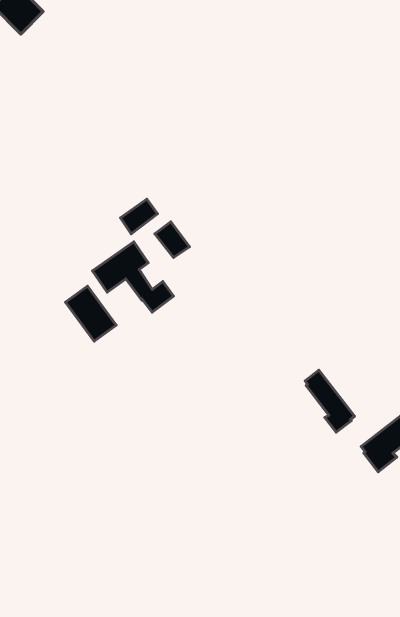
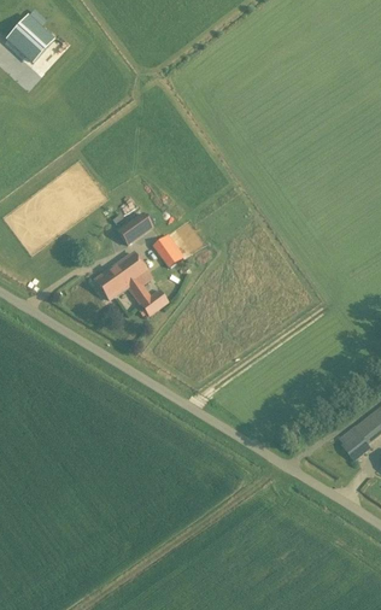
building: [66,286,116,341] -> none
building: [305,370,355,432] -> none

